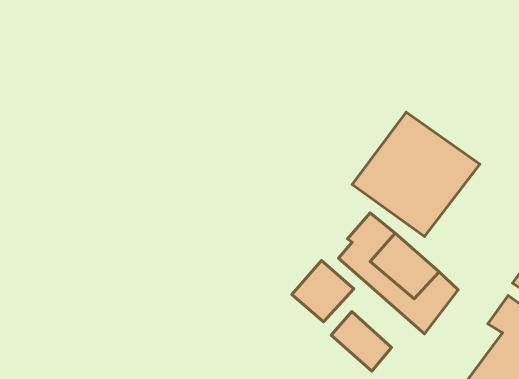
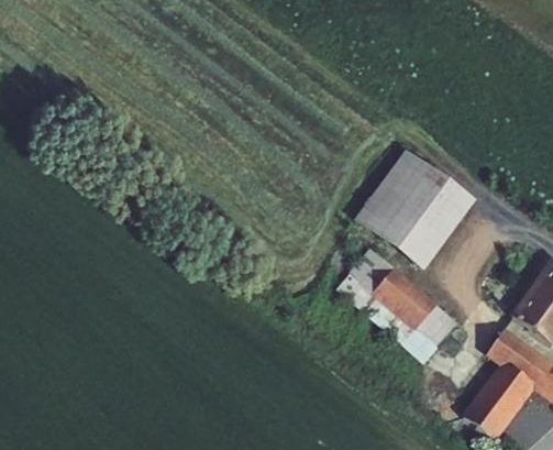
building: [292,261,354,322] -> none
building: [331,311,391,371] -> none

